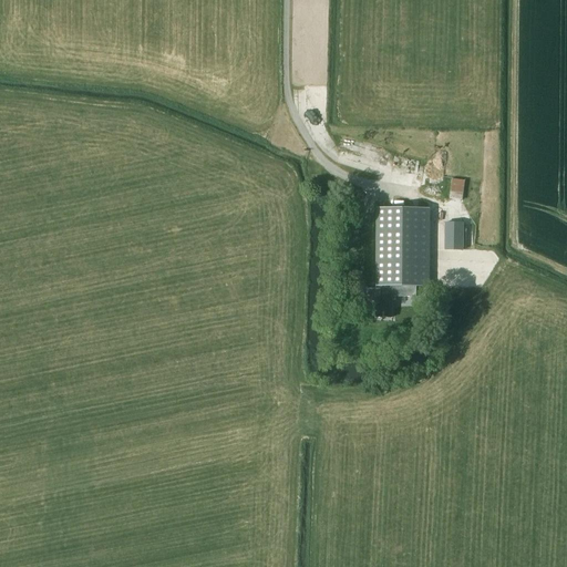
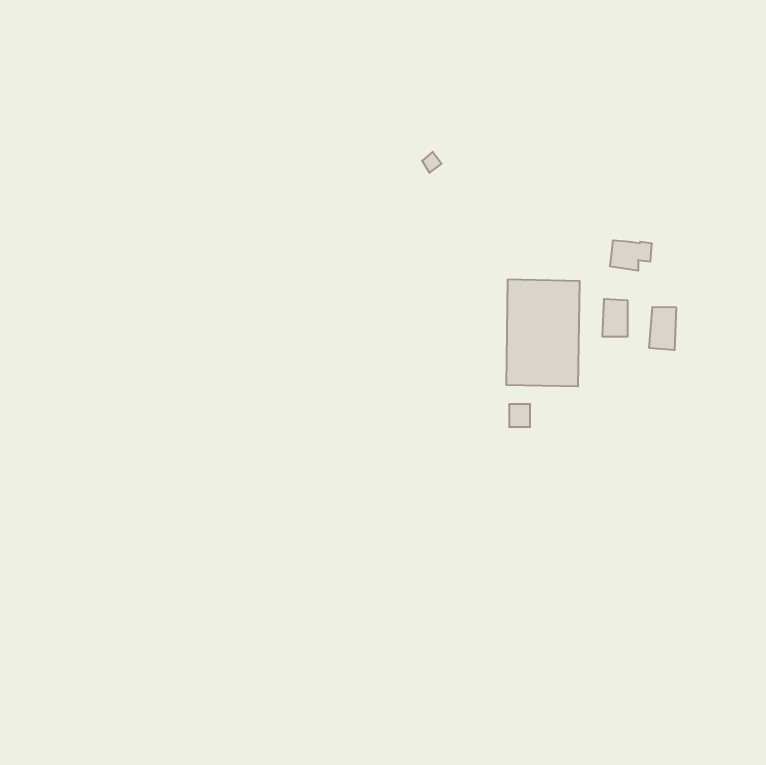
building: none -> [649,307,676,350]

